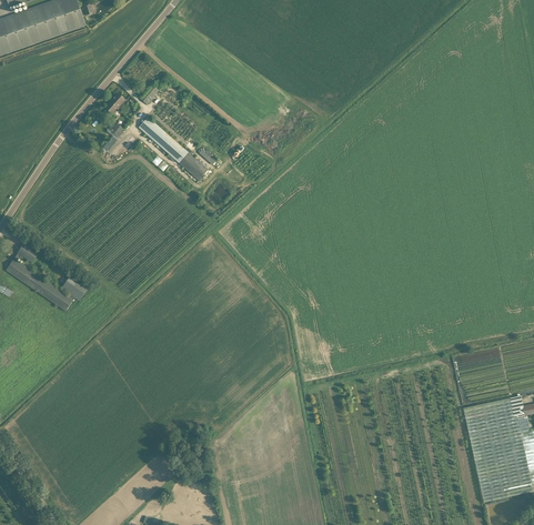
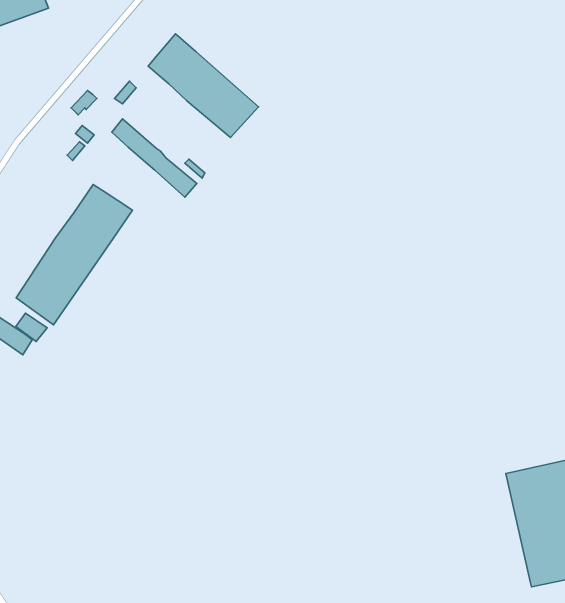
building: none -> [148,34,259,137]
building: none -> [16,184,133,325]

